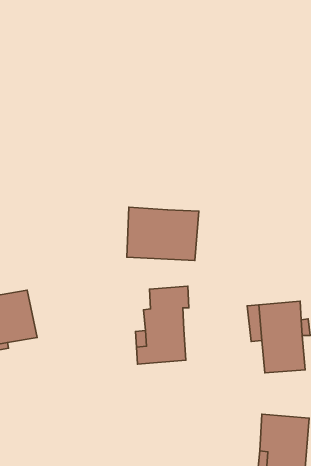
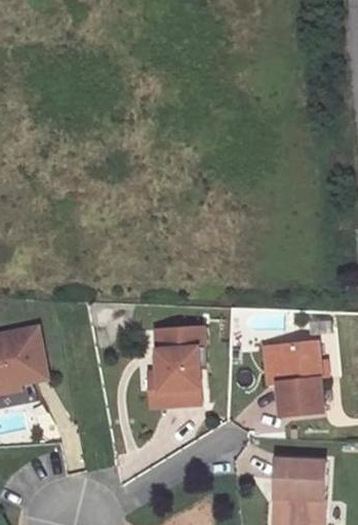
building: [127,207,199,260] -> none

